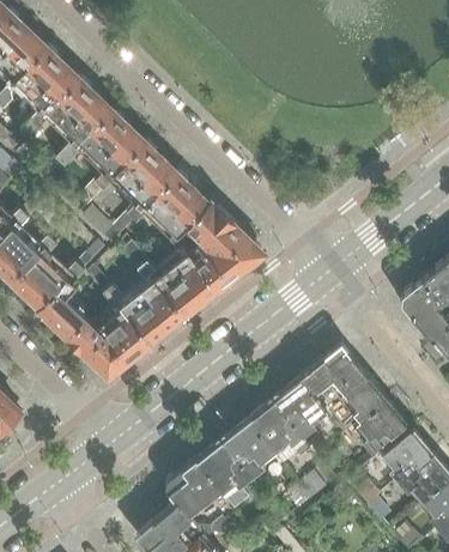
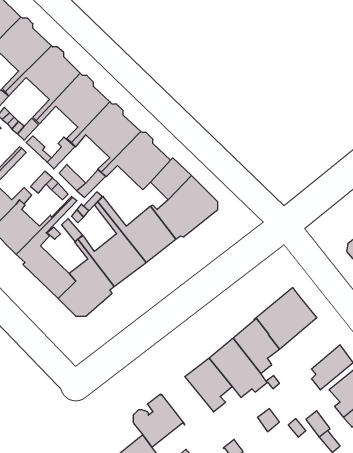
building: [326,375,392,433] -> none
building: [198,439,254,515] -> none

